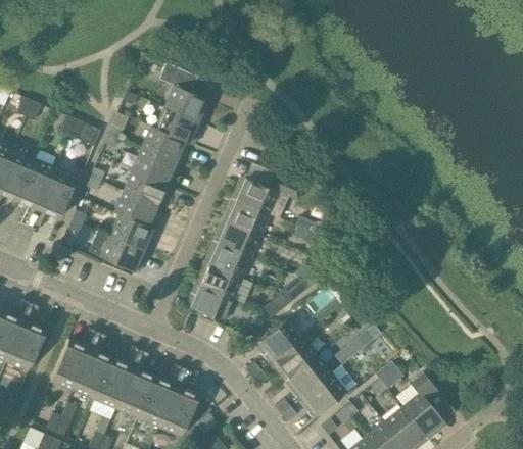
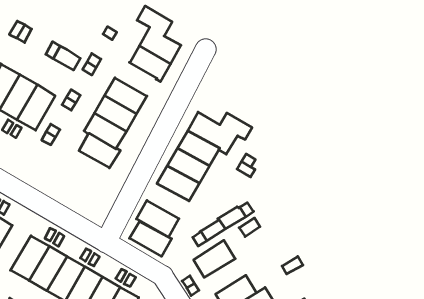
building: [141,126,189,164] -> none
building: [88,230,147,273] -> none
building: [194,262,242,299] -> [129,221,172,256]
building: [270,337,317,380] -> none

